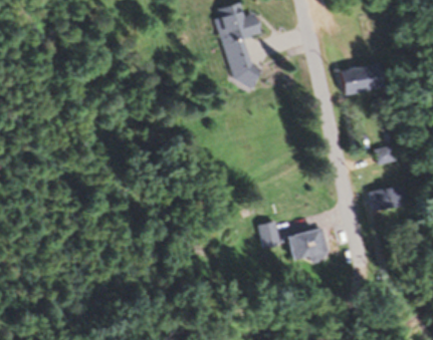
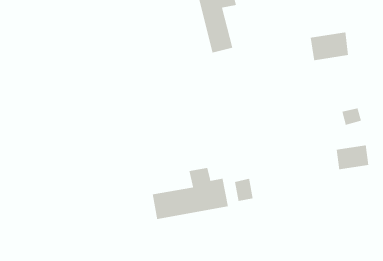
building: none -> [152,167,228,220]
building: [289,230,326,262] -> none

